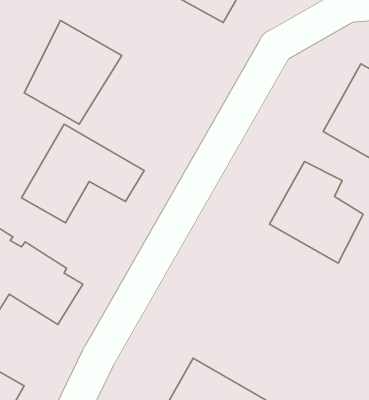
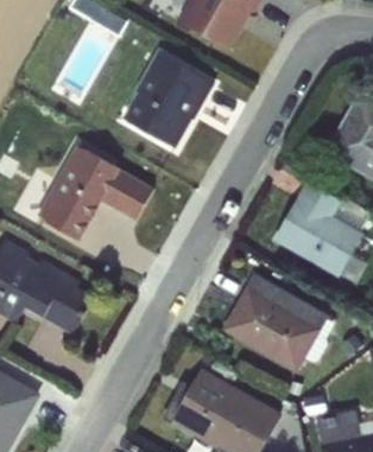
building: [24,20,122,124] -> [121,50,214,148]
building: none -> [220,272,327,373]

